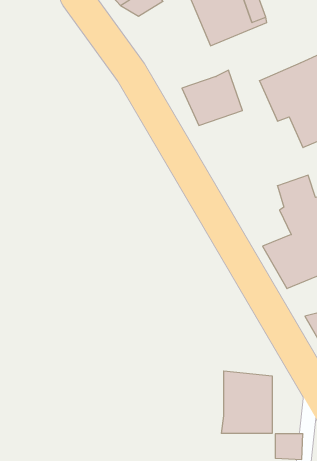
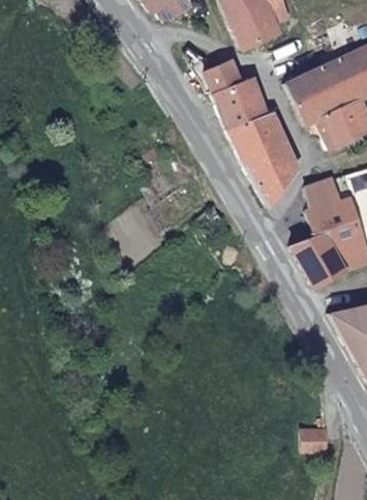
building: none -> [200,57,243,90]
building: none -> [226,109,301,206]
building: [221,371,272,433] -> none

